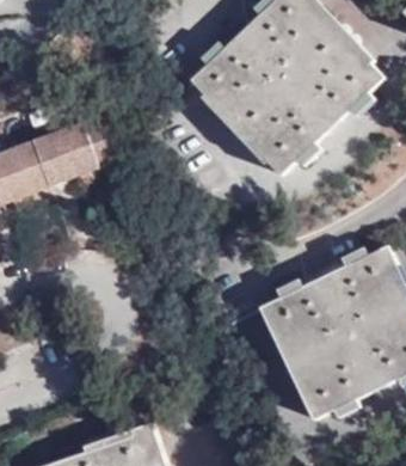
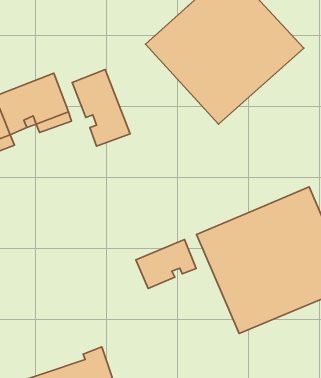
building: none -> [72,69,130,146]
building: none -> [136,239,196,288]

